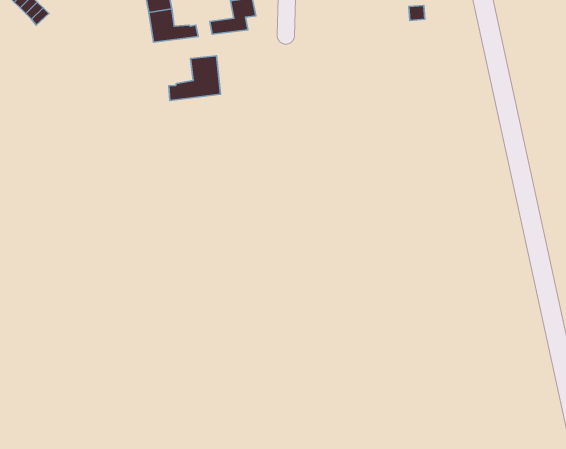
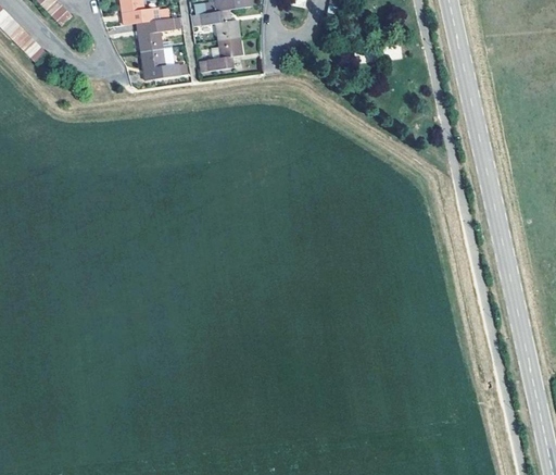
building: [169,56,220,101] -> none

